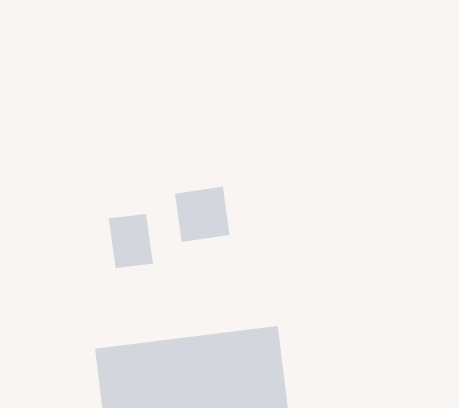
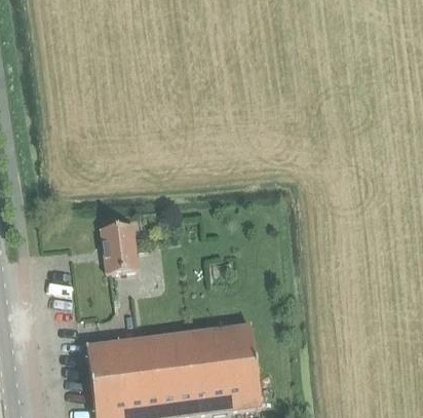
building: [174,186,230,243] -> none

